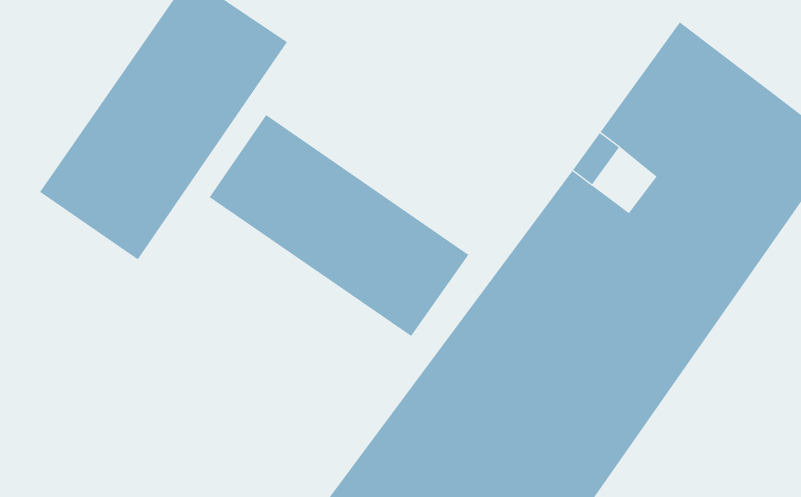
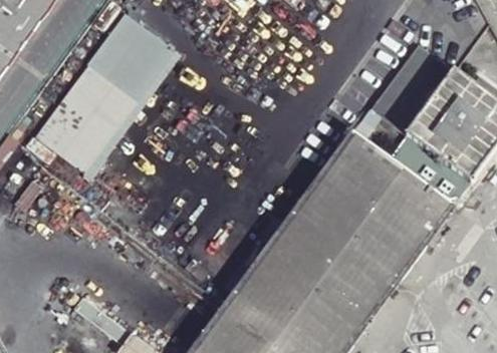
building: [209,114,469,337] -> none

